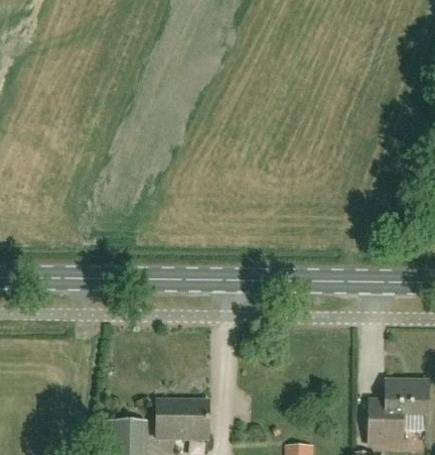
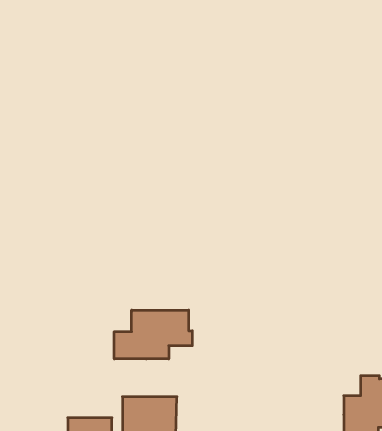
building: none -> [114,310,192,359]

